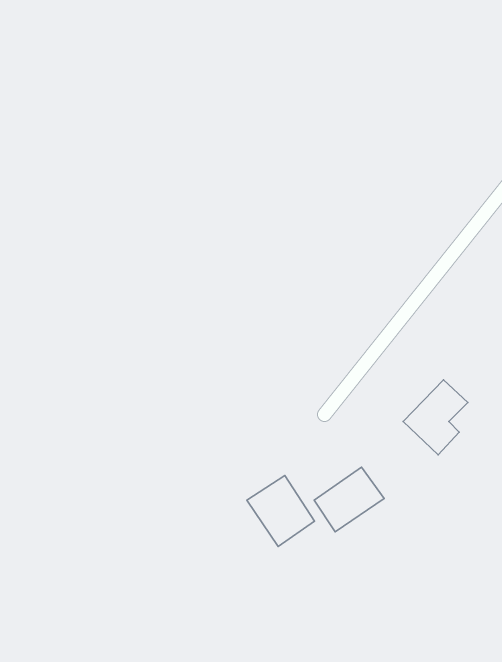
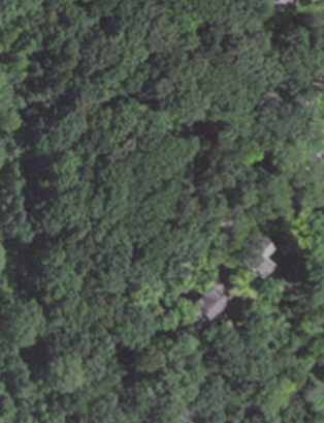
building: [247,476,315,546] -> none

